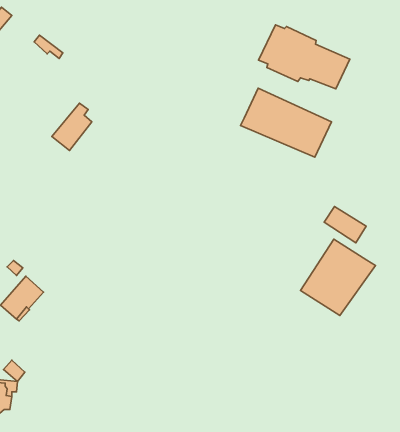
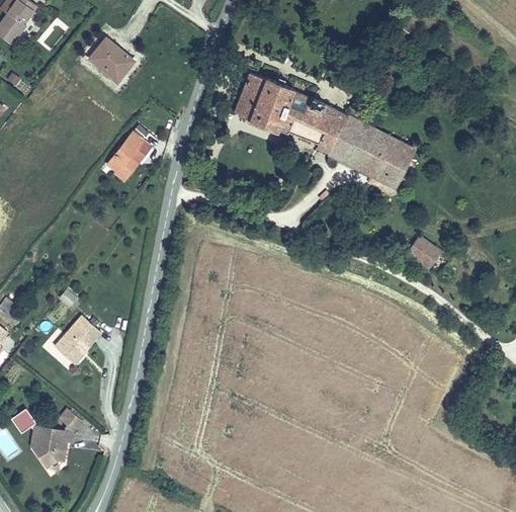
building: [259,25,350,89] -> [234,73,333,143]
building: none -> [95,41,134,73]
building: [301,239,375,316] -> none

